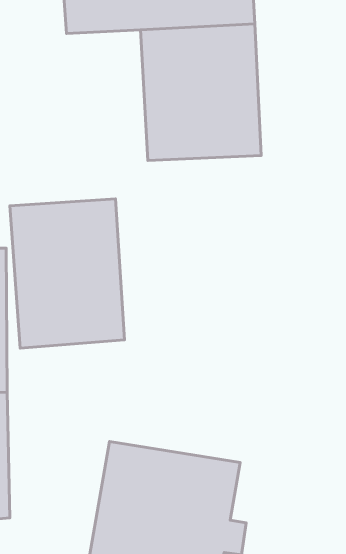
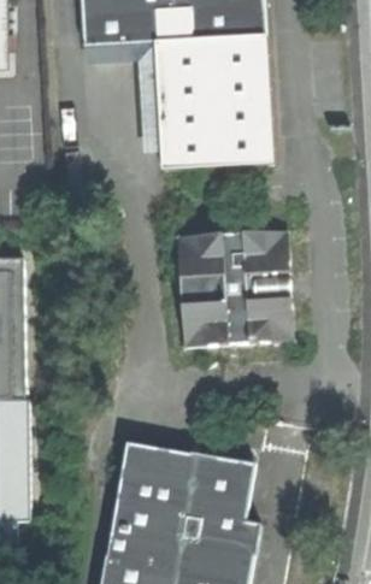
building: [10,199,125,348] -> none
building: none -> [176,228,293,344]

